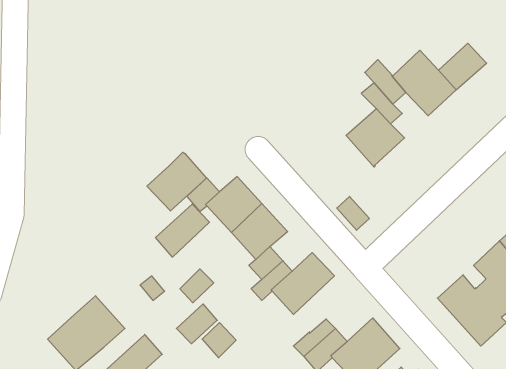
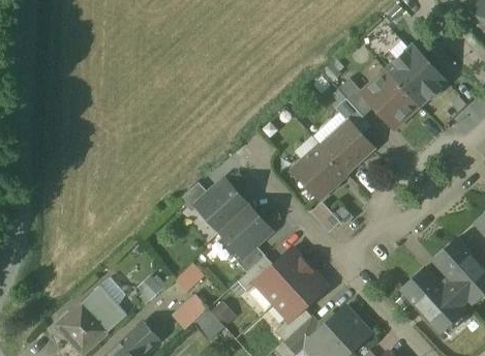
building: none -> [387,47,429,88]
building: none -> [294,146,346,199]
building: [147,152,206,211] -> none
building: [156,204,209,257] -> none
building: none -> [275,270,327,321]

